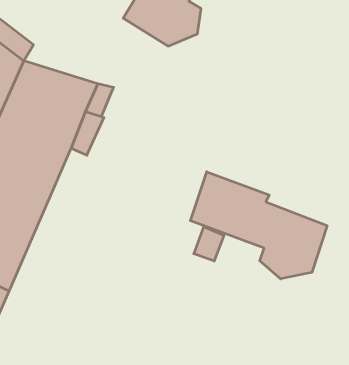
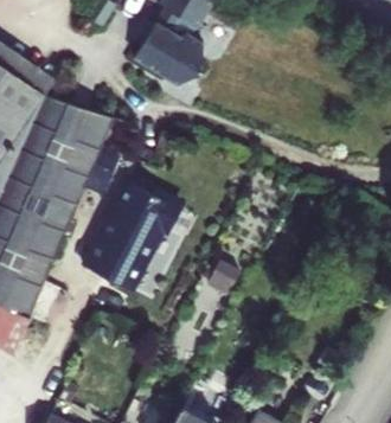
building: none -> [82,179,180,289]
building: [190,172,327,279] -> none

